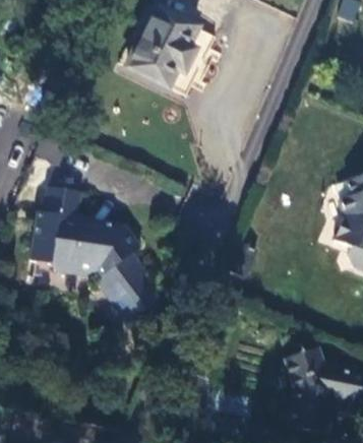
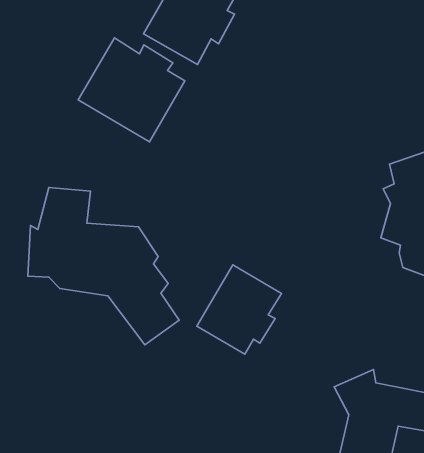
building: none -> [78,38,185,142]
building: none -> [197,265,282,354]

